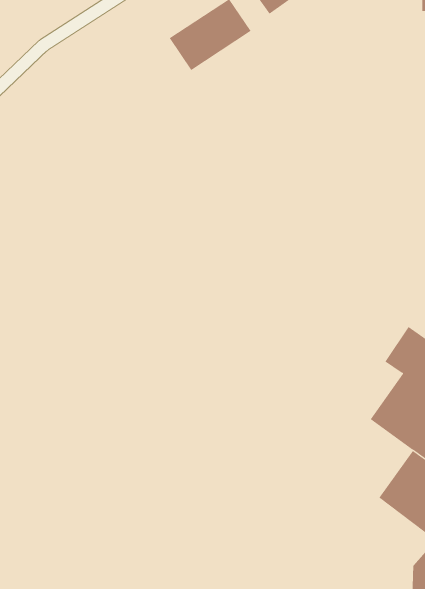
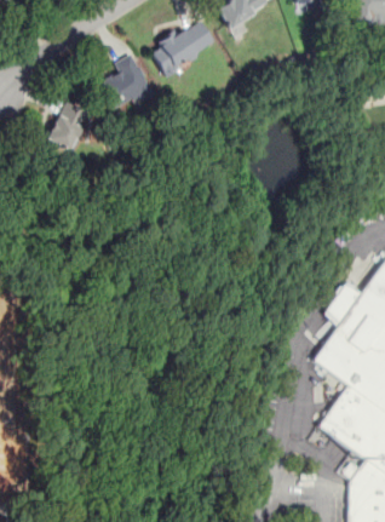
building: none -> [99,53,154,111]
building: none -> [47,101,90,150]

